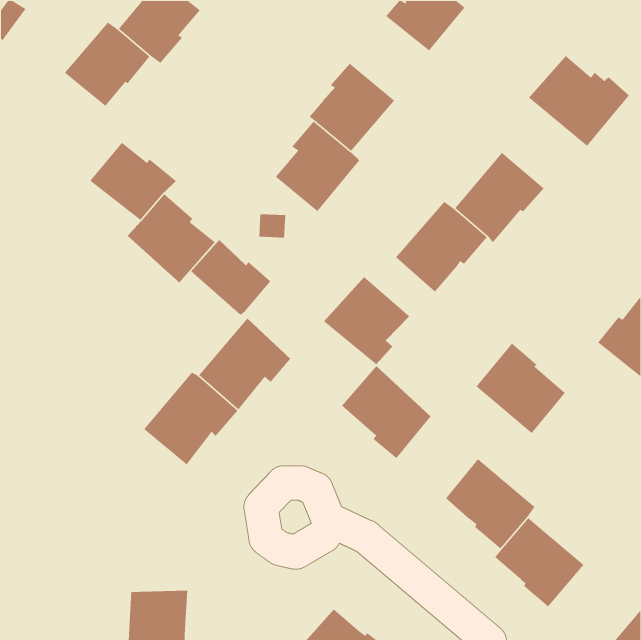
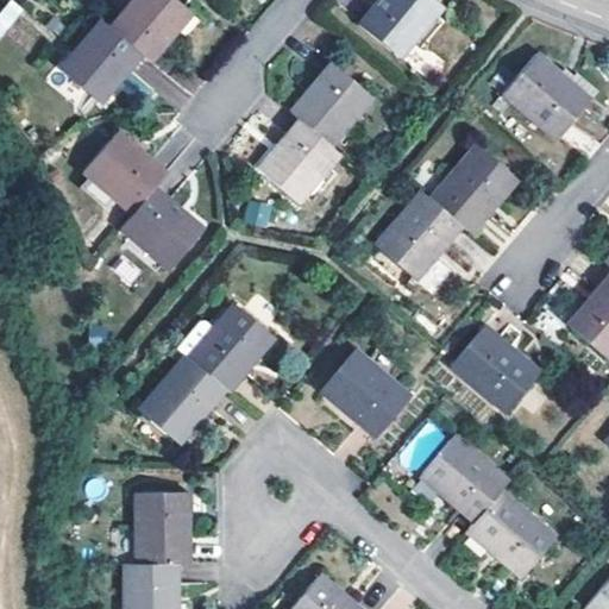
building: [190,239,271,316] -> none
building: [323,276,410,365] -> none
building: none -> [132,489,190,561]

